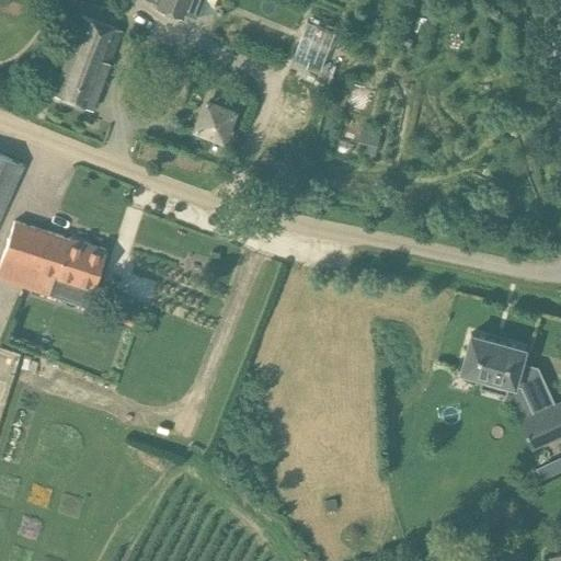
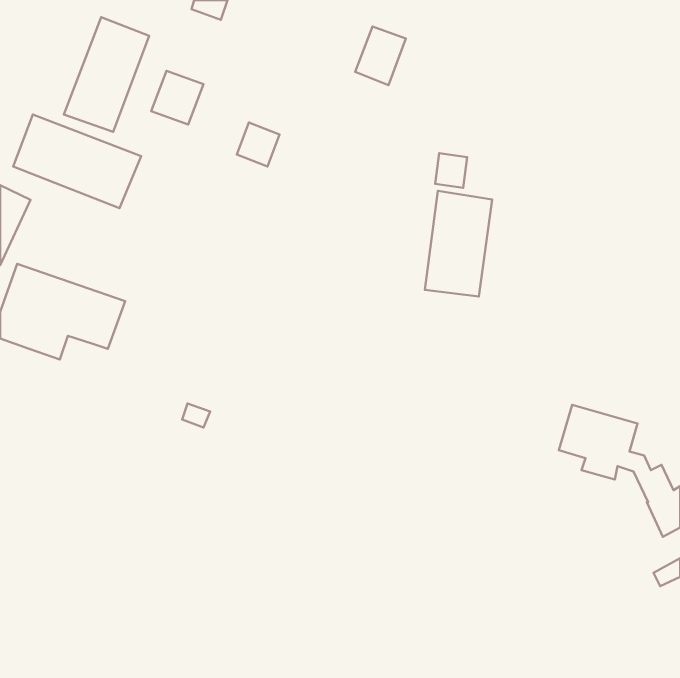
building: none -> [151,71,204,125]
building: none -> [13,115,141,208]
building: none -> [425,191,492,297]

